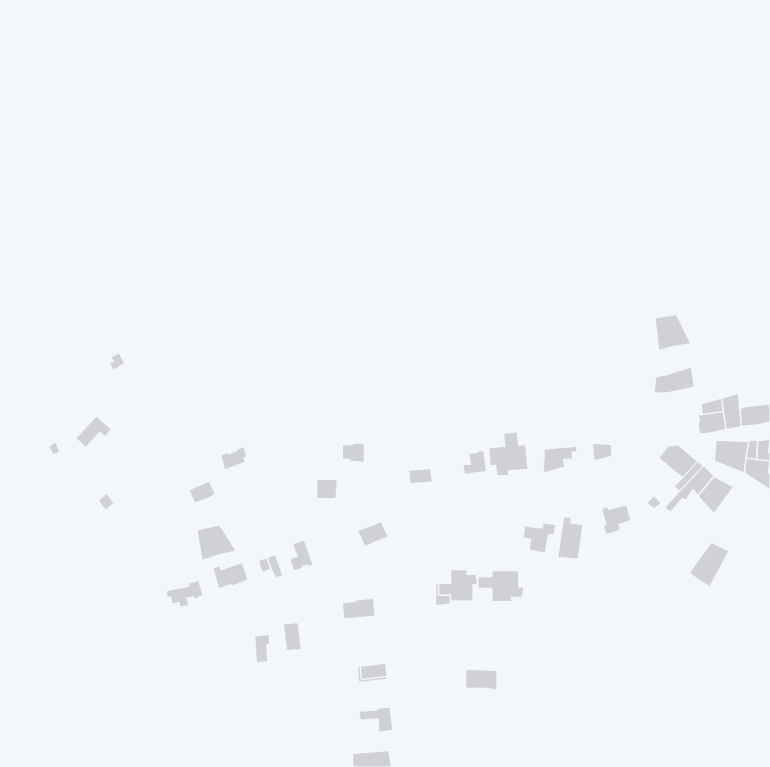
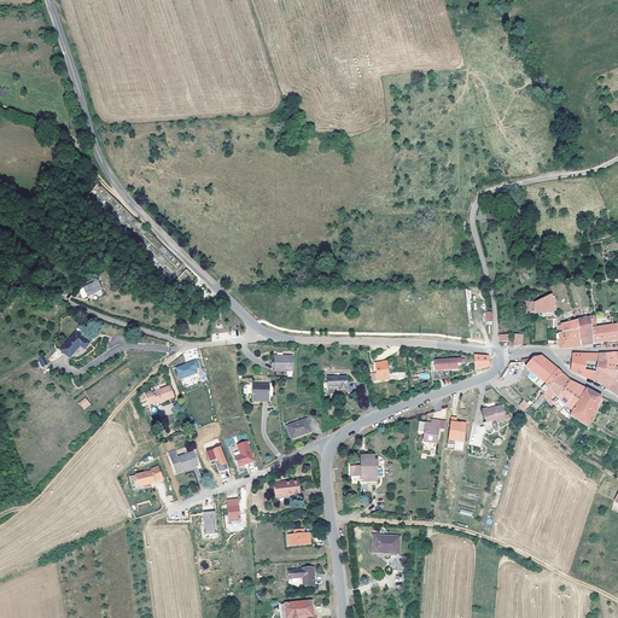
building: [655,315,691,351] -> none
building: [489,432,528,476] -> none
building: [197,525,236,561] -> none
building: [689,542,729,587] -> [570,390,602,426]
building: [478,571,524,602] -> none

